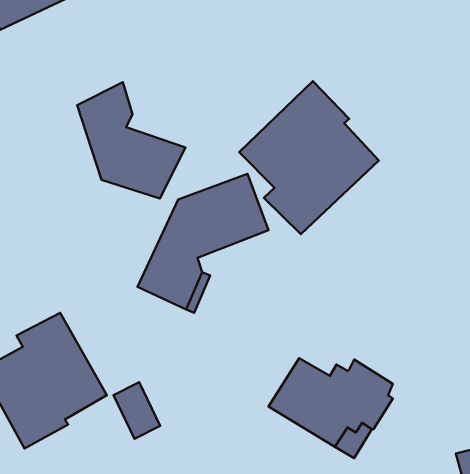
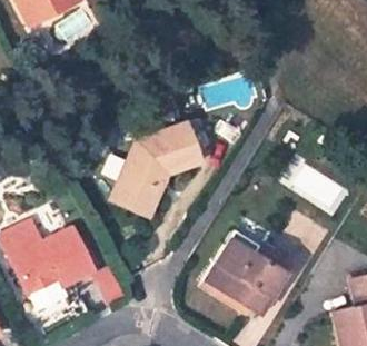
building: [239,81,379,234] -> none
building: [77,82,186,199] -> none

